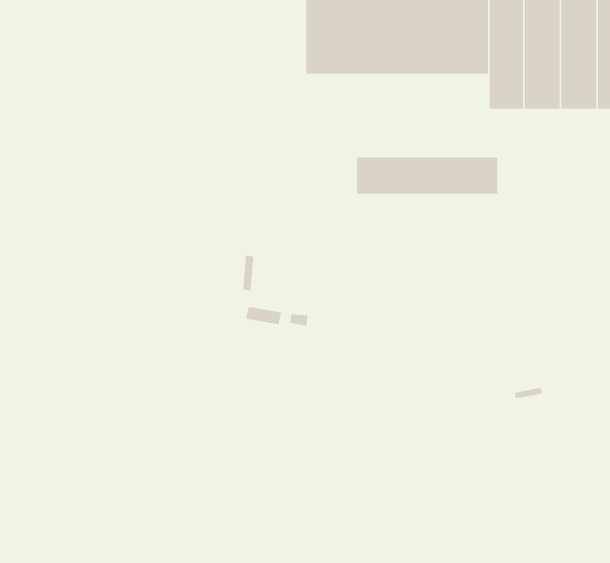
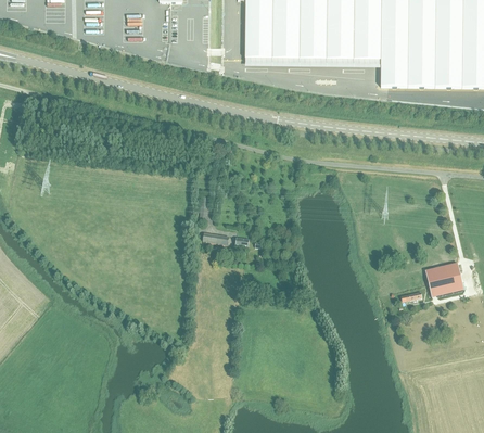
building: [356,157,498,194] -> none
building: none -> [425,262,463,296]

